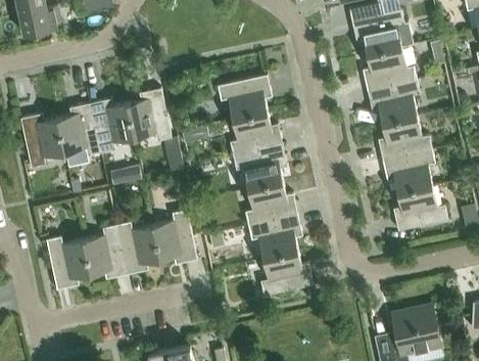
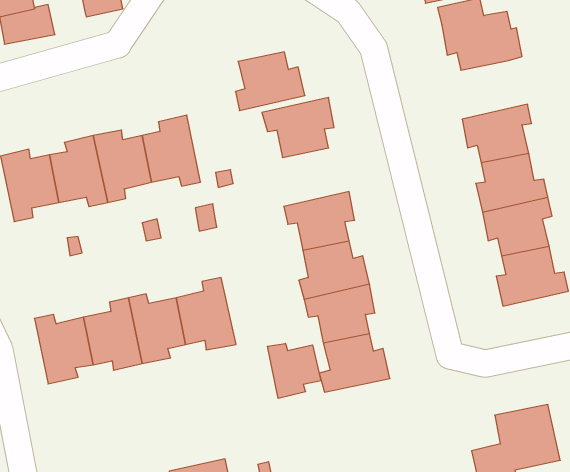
building: [363,47,417,91] -> none
building: [231,112,283,156] -> [235,52,305,111]
building: none -> [267,343,321,398]

